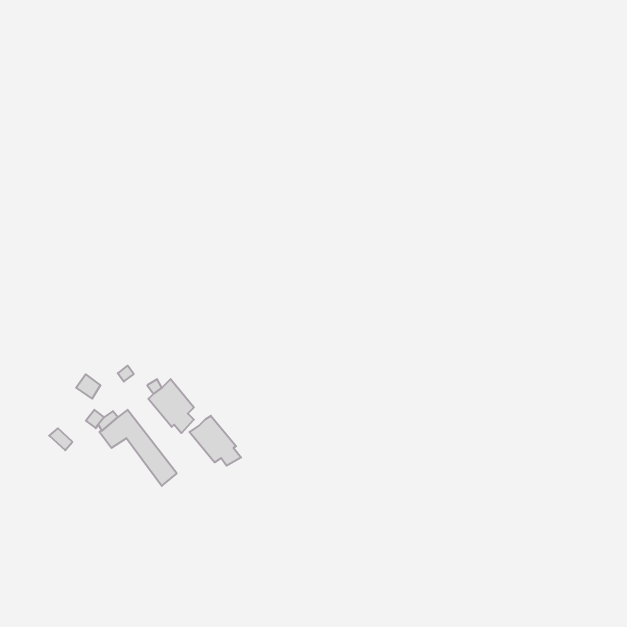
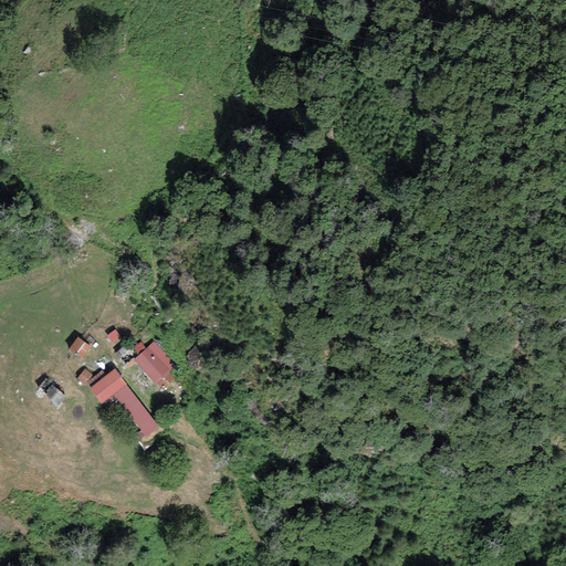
building: [189,416,241,466] -> none

